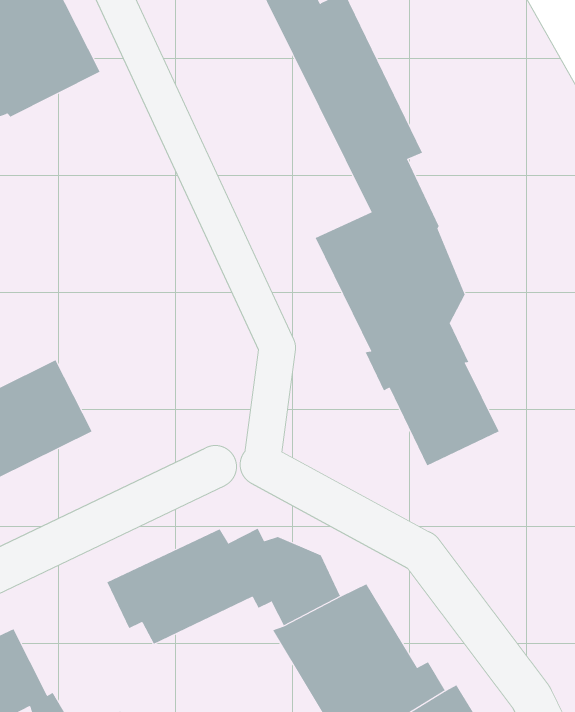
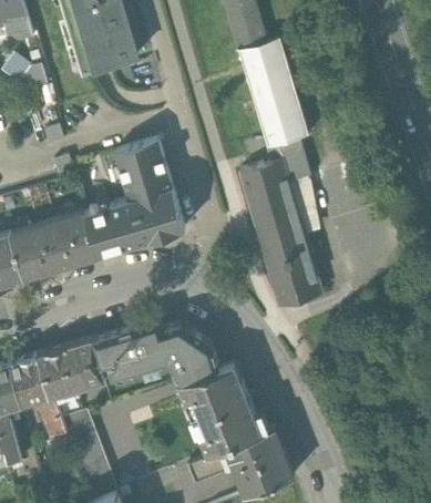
building: none -> [85,141,185,257]
building: none -> [37,341,104,398]

